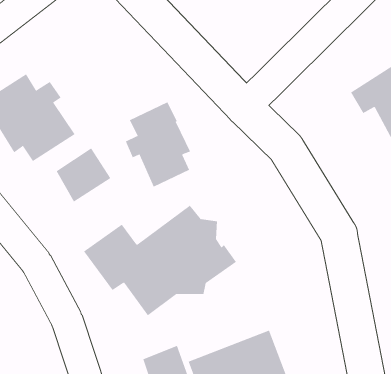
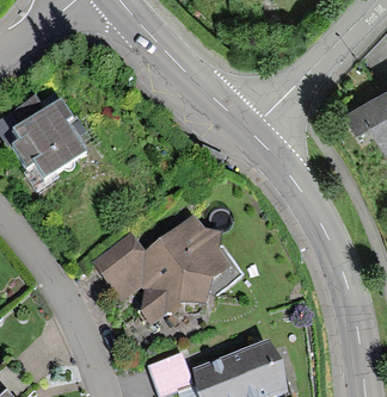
building: [125,101,191,187] -> none
building: [56,147,111,202] -> none

